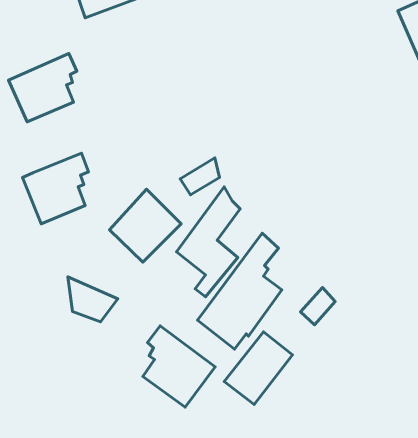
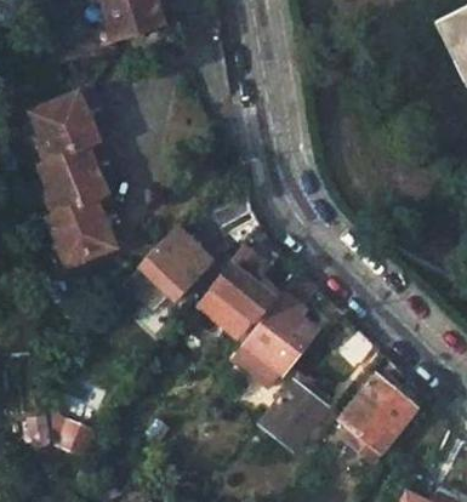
building: none -> [36,133,108,207]
building: [68,277,118,322] -> [47,411,99,458]
building: [143,326,215,407] -> none
building: none -> [335,373,415,463]

